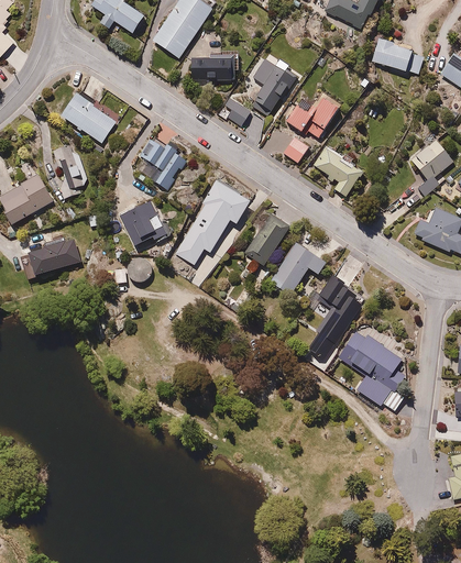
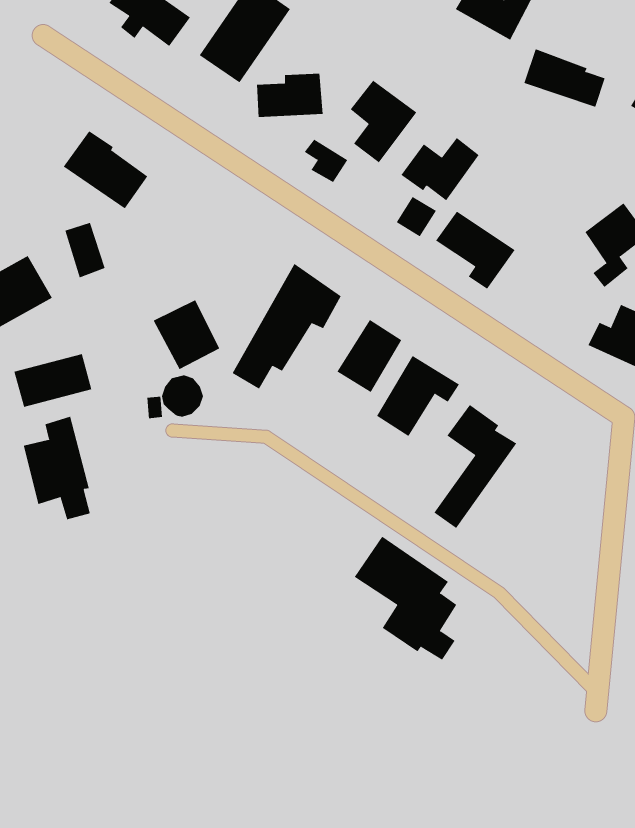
building: [139,136,187,191] -> none
building: none -> [23,416,91,520]
building: [338,327,407,410] -> [354,536,457,660]

